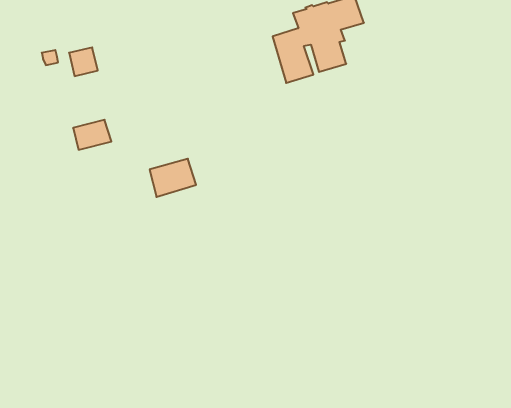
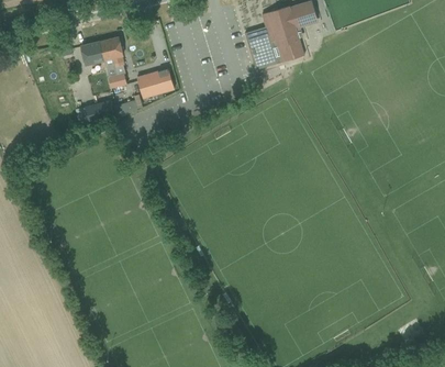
building: none -> [100,36,126,87]
building: [150,159,196,197] -> [137,67,175,98]

